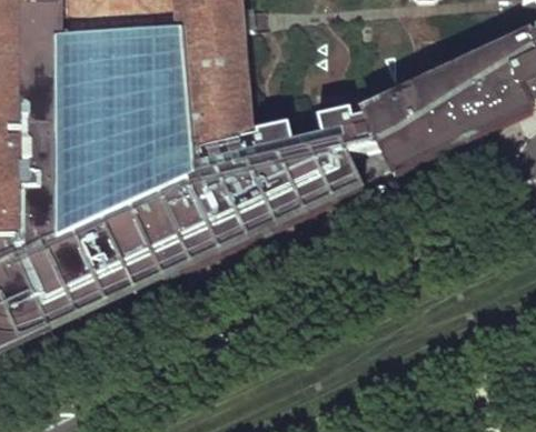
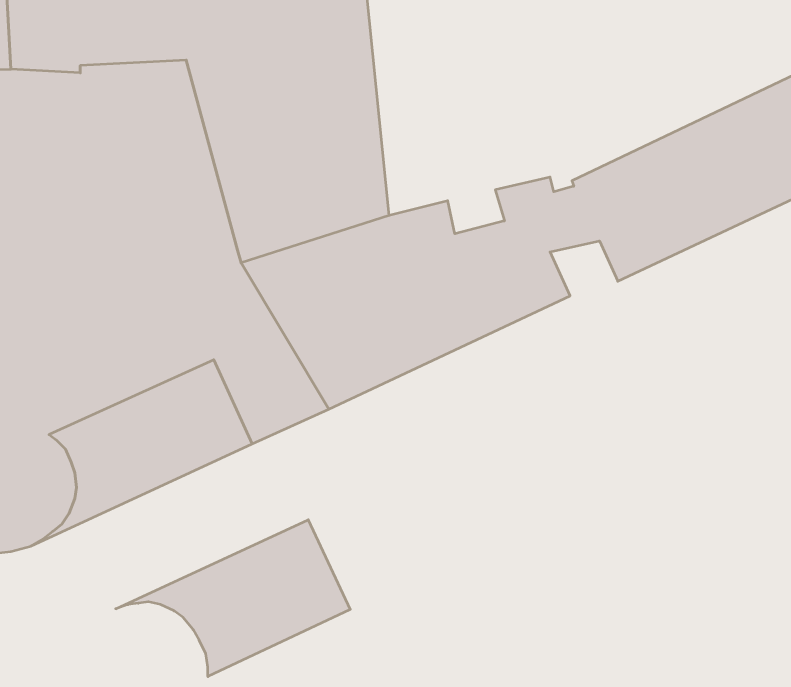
building: none -> [116,520,350,677]

